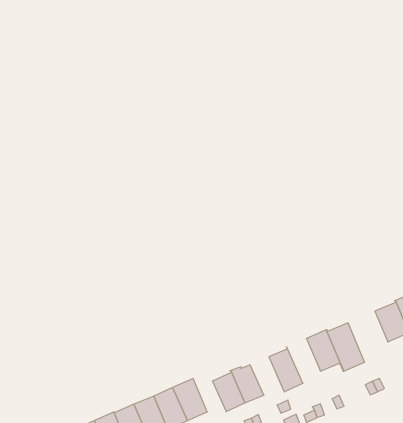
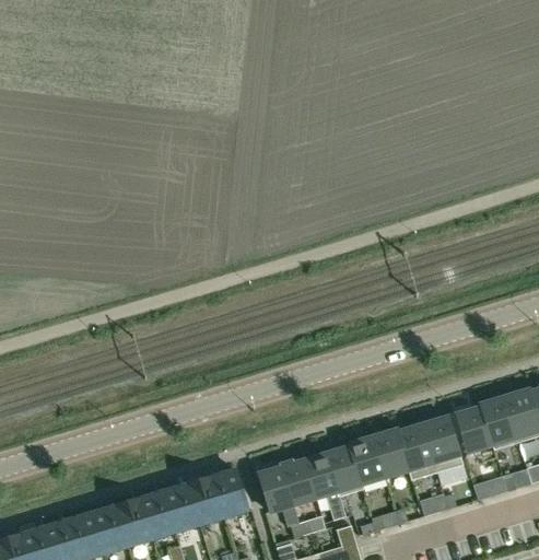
building: none -> [423,416,462,471]
building: none -> [349,436,385,488]
building: none -> [304,453,340,497]

